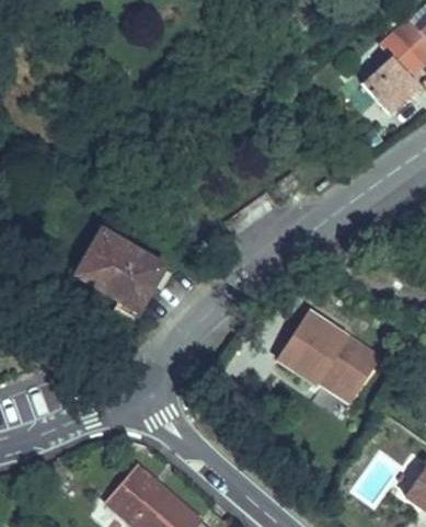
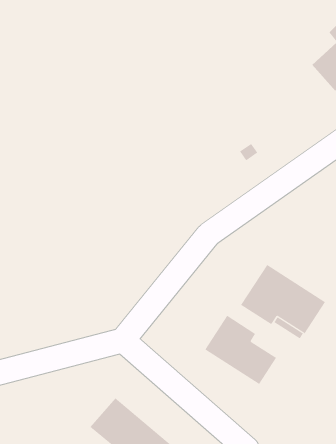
building: [78,230,162,309] -> none
building: none -> [205,315,277,385]

